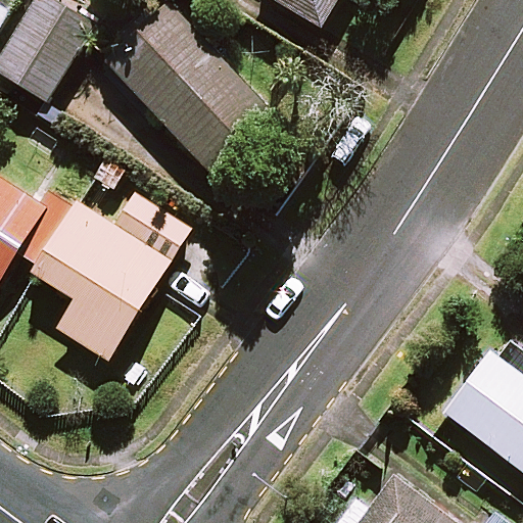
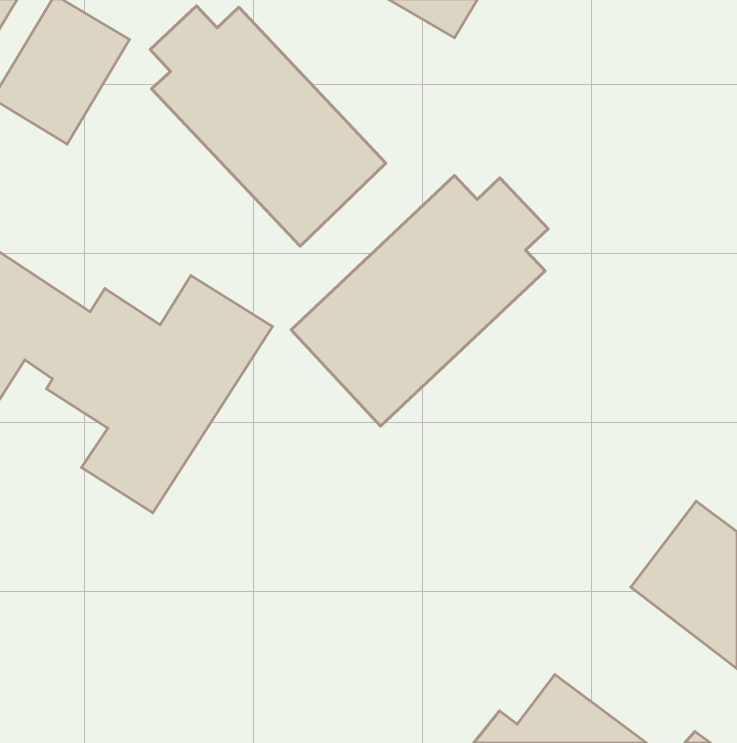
building: none -> [291,176,548,426]

